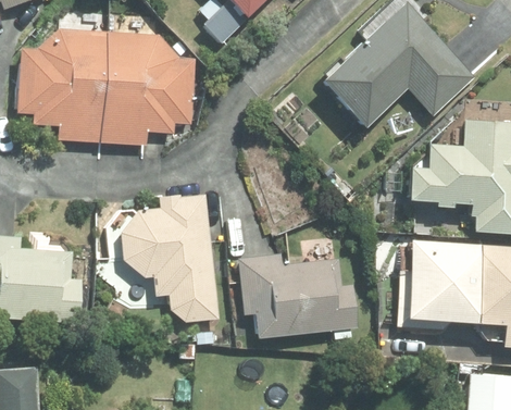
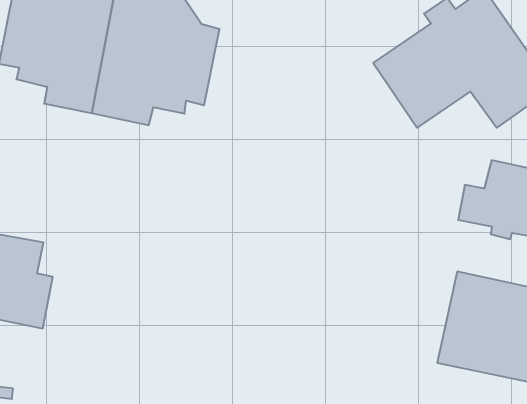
building: [120,195,216,324] -> none
building: [238,257,358,338] -> none

